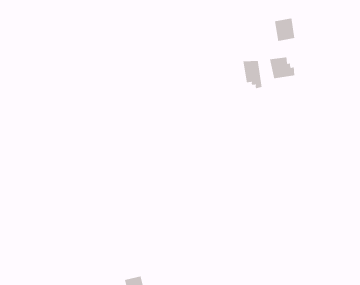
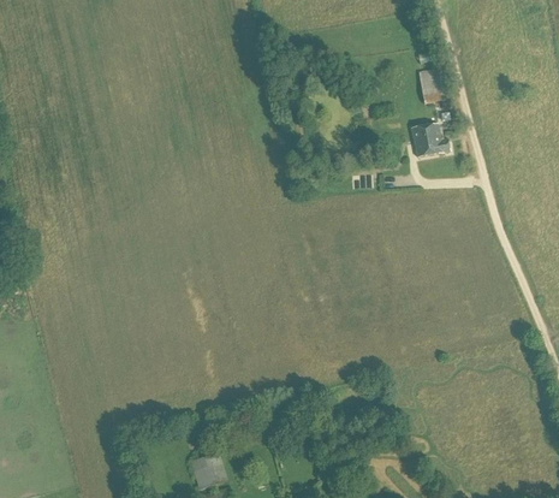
building: [243,60,262,89] -> none

